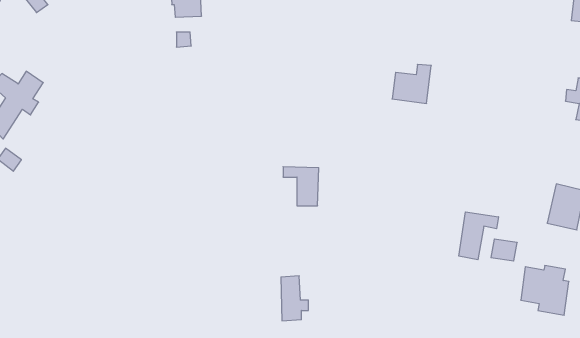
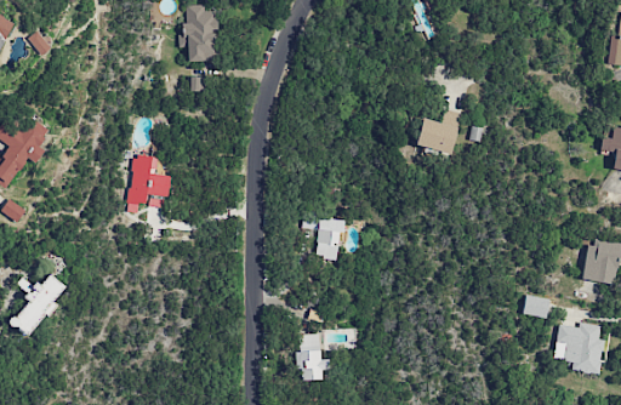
building: none -> [127,155,170,213]
building: [459,212,498,260] -> none
building: none -> [10,274,65,337]

